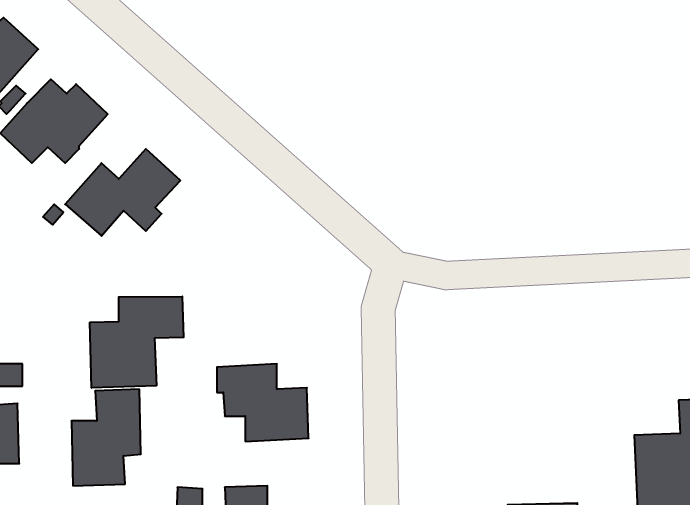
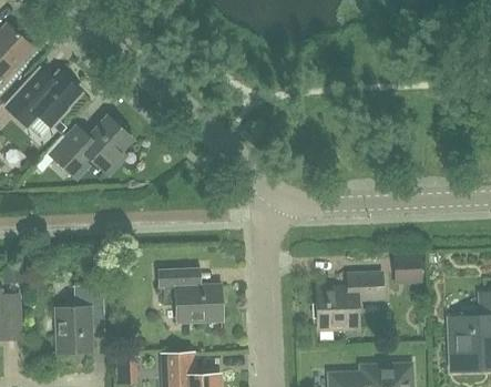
building: [90,296,184,388] -> none
building: none -> [395,255,422,281]
building: none -> [317,273,382,328]

